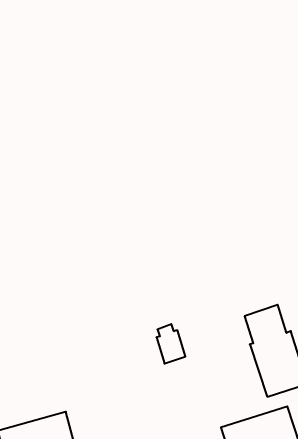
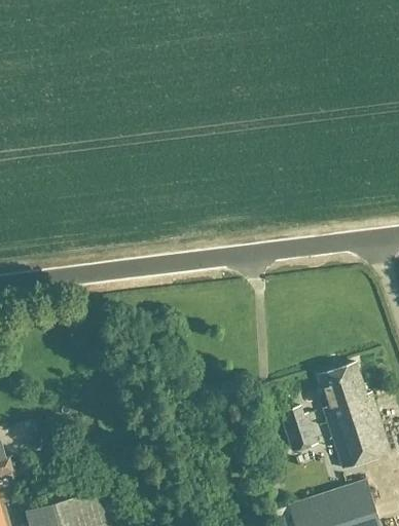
building: [156,324,185,364] -> [283,406,317,452]

